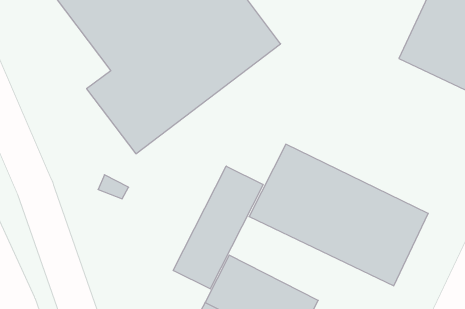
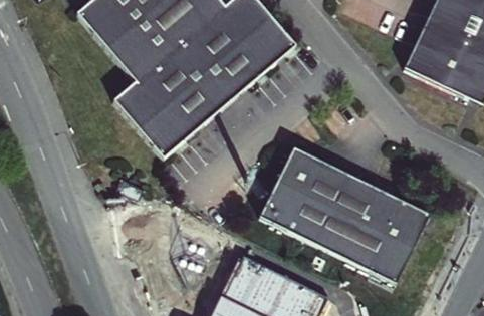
building: [173,166,263,289] -> none

